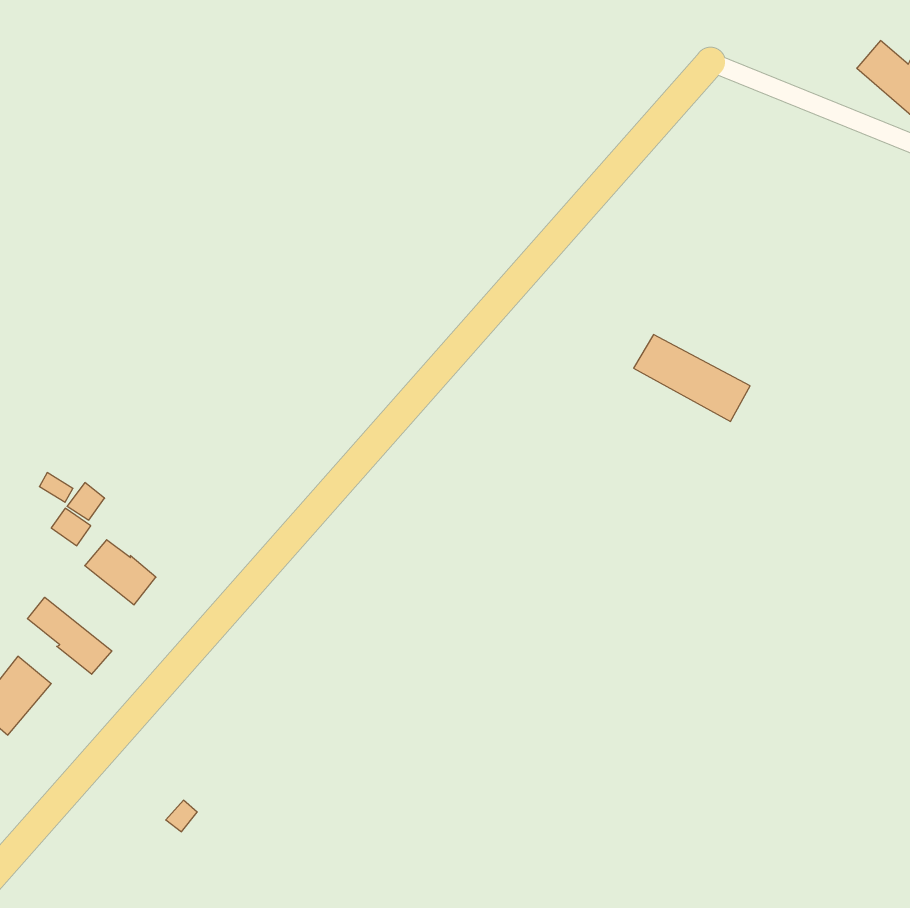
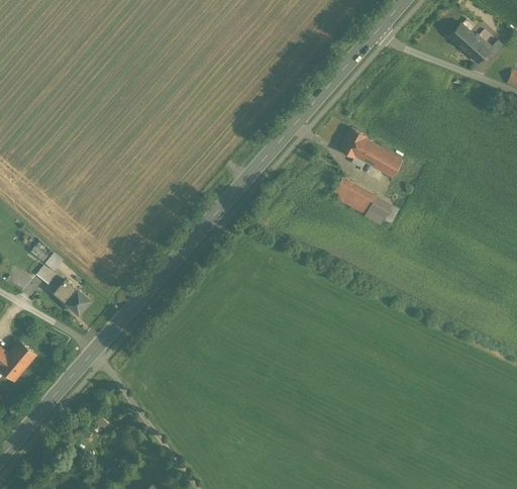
building: none -> [339,130,402,179]
building: [27,597,112,674] -> none

